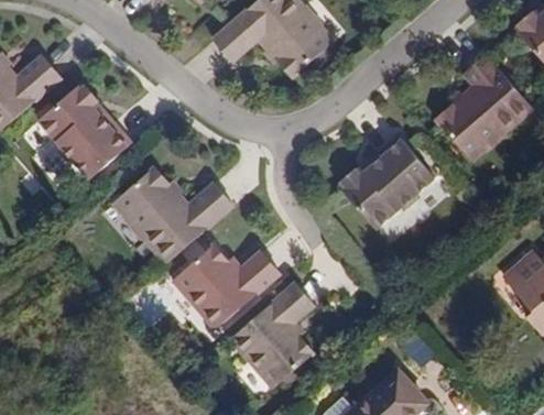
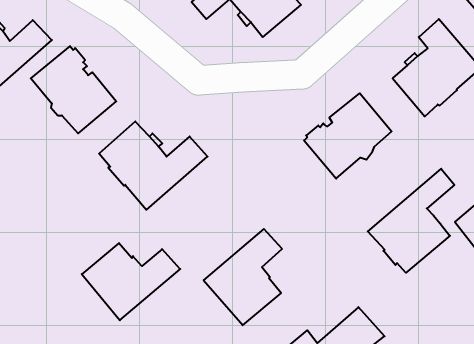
building: none -> [368,169,454,273]
building: [173,245,281,330] -> [82,243,180,320]

